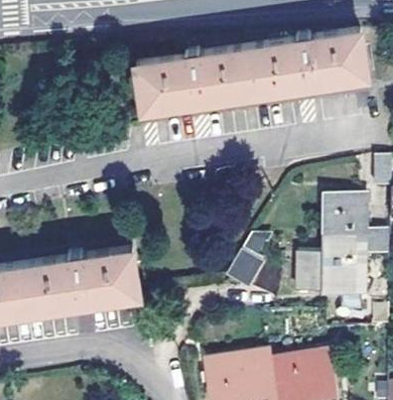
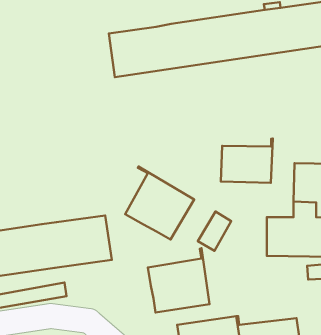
building: none -> [221,139,273,183]
building: none -> [125,166,194,240]
building: none -> [148,248,210,312]

